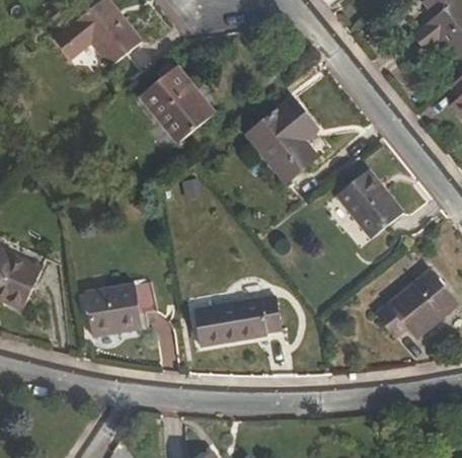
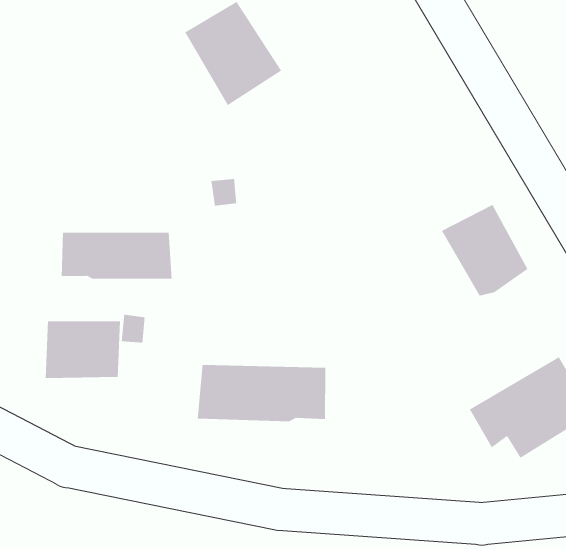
building: [247,96,318,179] -> none
building: none -> [61,232,172,280]

